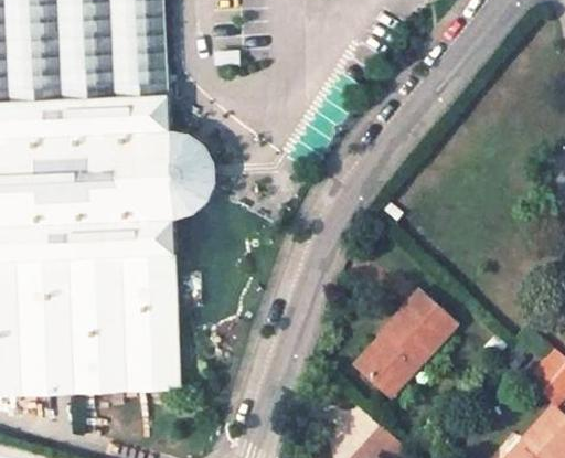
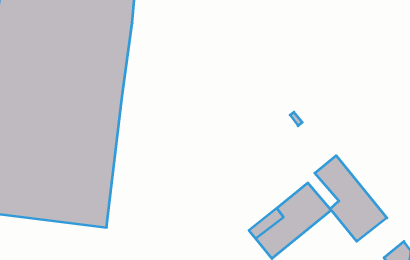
building: [170,127,218,217] -> none
building: none -> [315,156,387,241]

